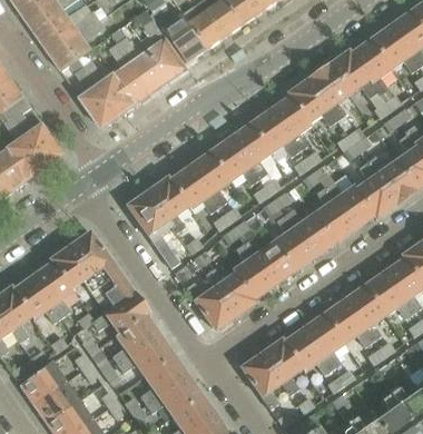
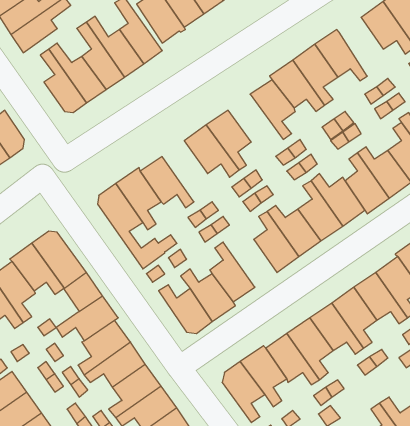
building: [350,39,390,95] -> none
building: [248,109,298,156] -> none
building: [188,151,229,207] -> none
building: [244,238,293,285] -> none

